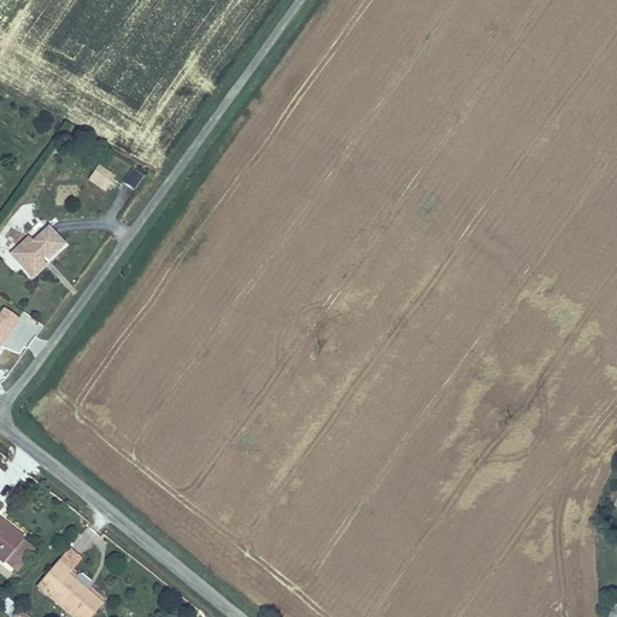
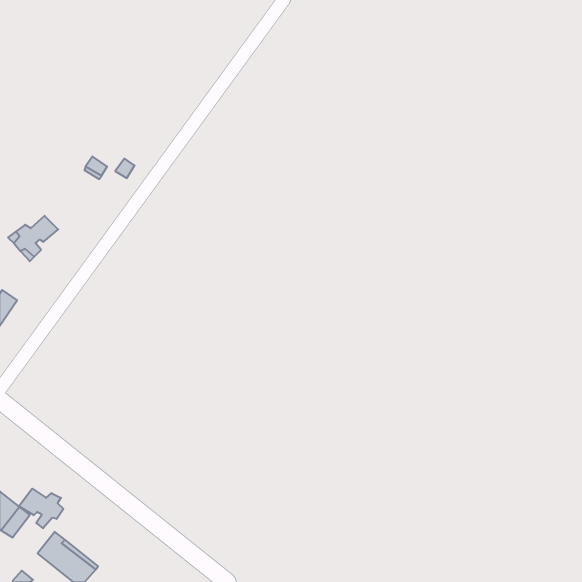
building: none -> [19,489,63,528]

